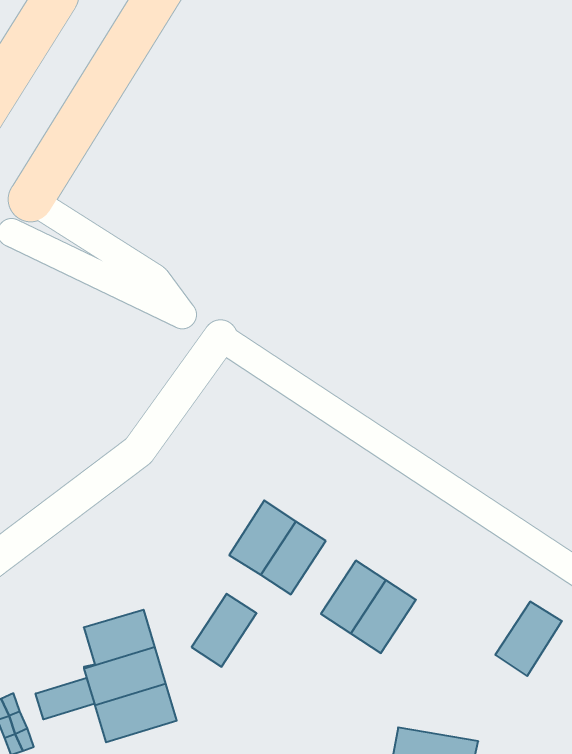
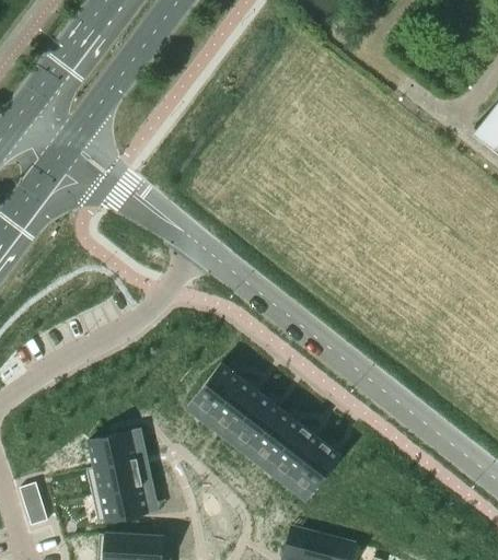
building: [192,594,257,667] -> [234,397,281,447]
building: [495,602,562,676] -> [293,443,341,494]
building: [36,678,94,719] -> none

